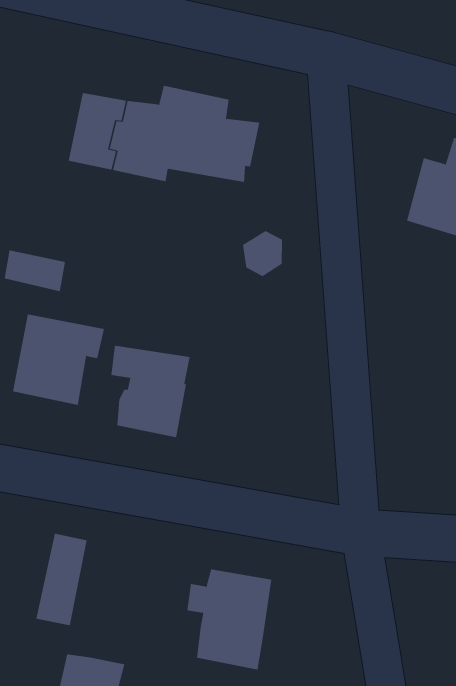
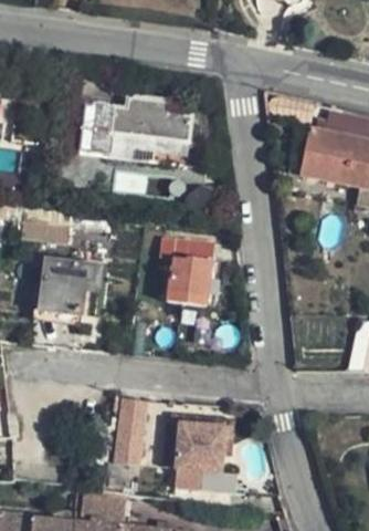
building: [110,345,190,438] -> [160,236,214,296]
building: [36,533,88,626] -> [114,397,146,460]

